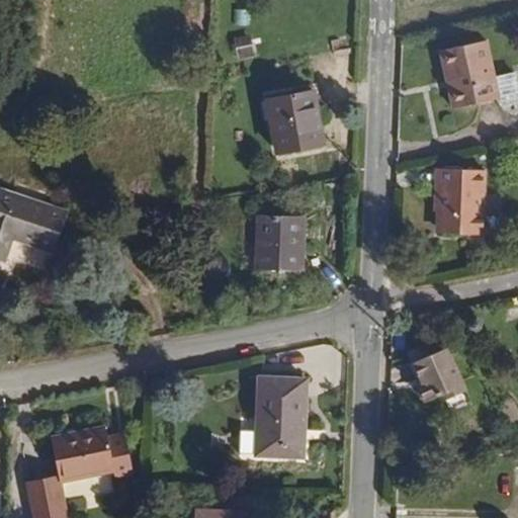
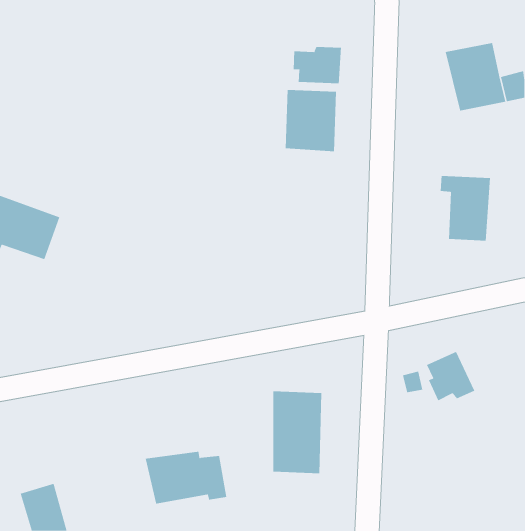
building: none -> [293,46,341,84]
building: [255,211,301,266] -> none
building: [53,432,133,484] -> [145,451,227,504]

